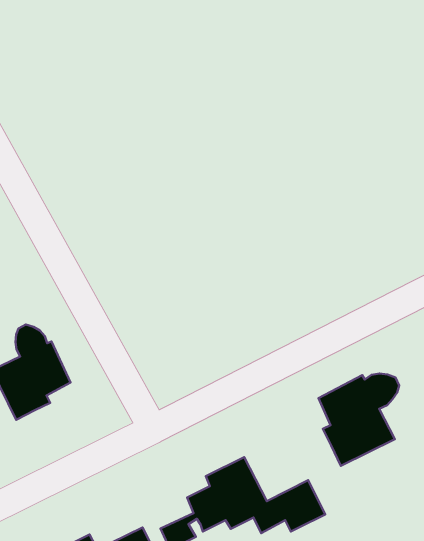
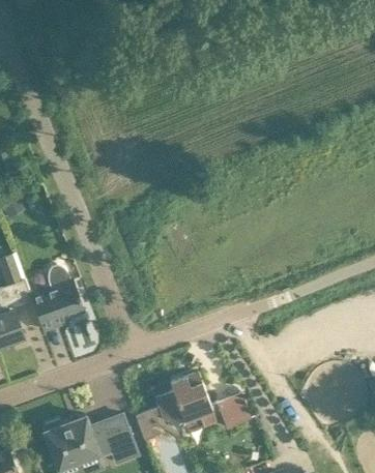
building: [318,373,399,466] -> none

